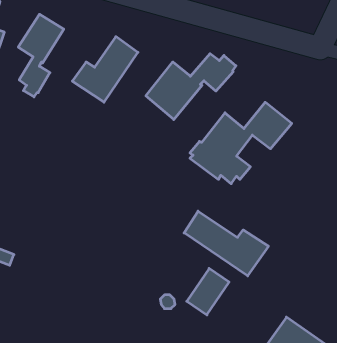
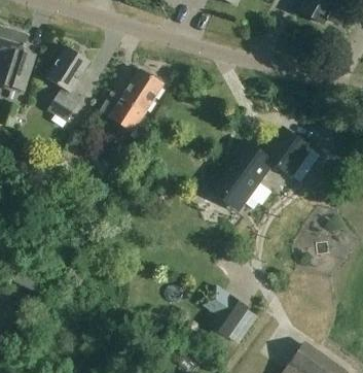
building: [146,54,236,120] -> none
building: [184,211,268,276] -> none

